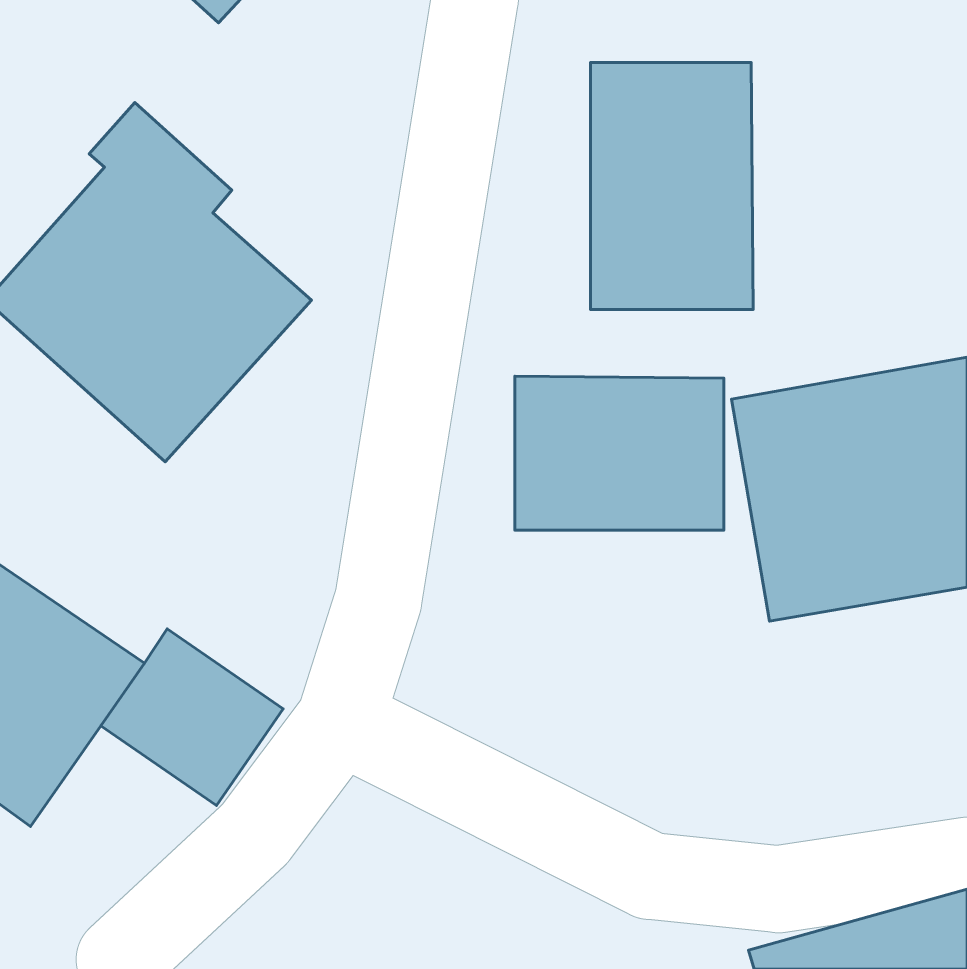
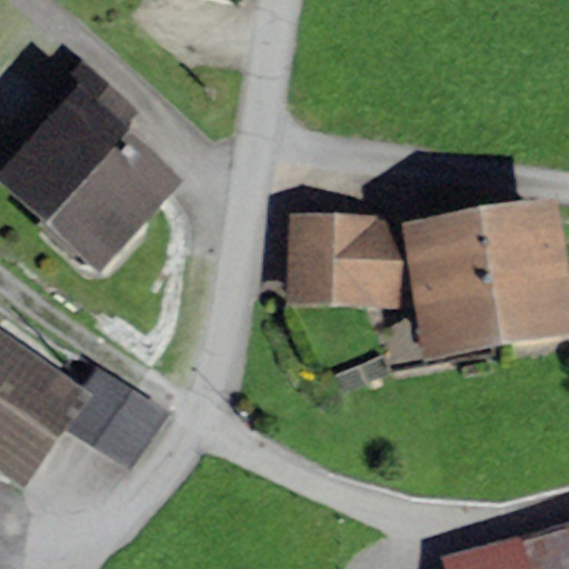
building: [591,62,753,310] -> none

